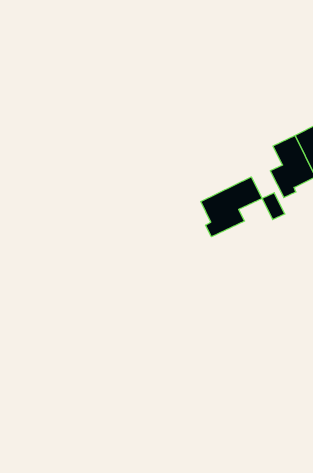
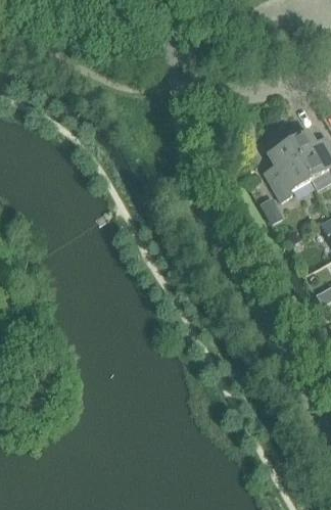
building: [201,177,262,237] -> none

